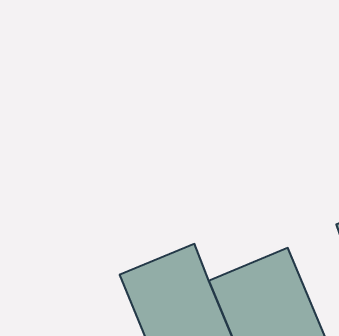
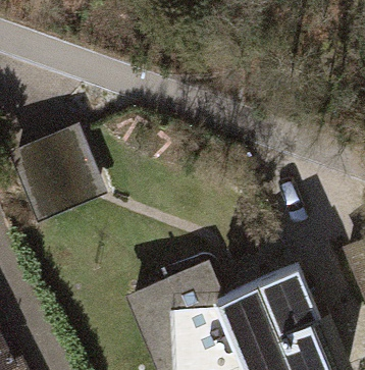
building: none -> [13,121,112,220]

